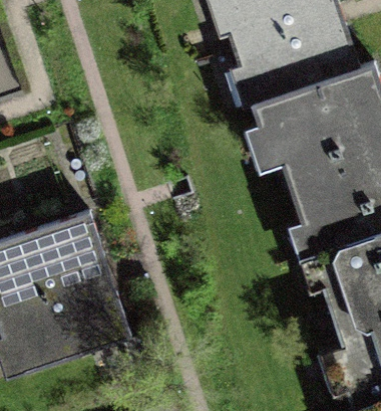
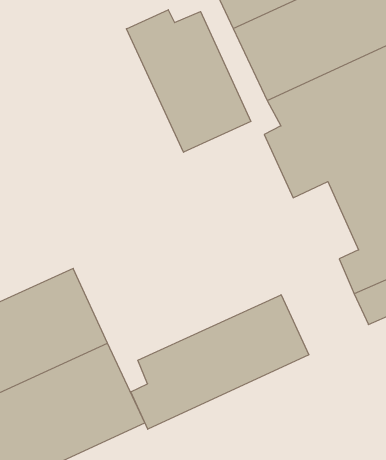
building: none -> [126,10,251,152]
building: none -> [131,295,309,429]

